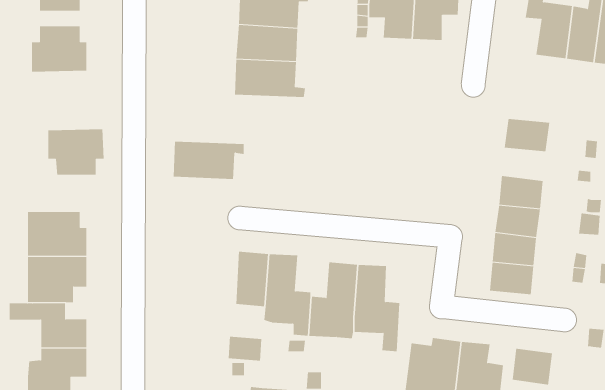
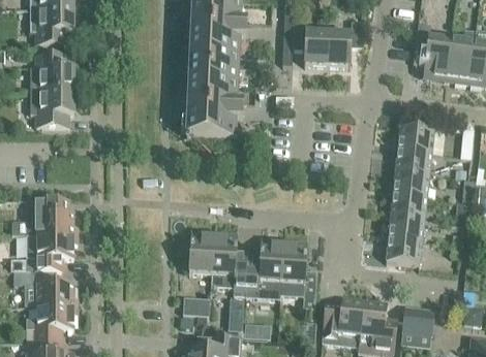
building: [47,129,104,175] -> [29,90,73,126]
building: [173,141,245,180] -> [186,108,242,138]
building: none -> [395,150,430,175]

